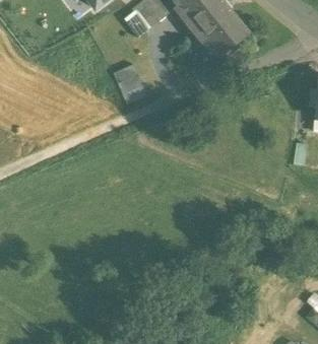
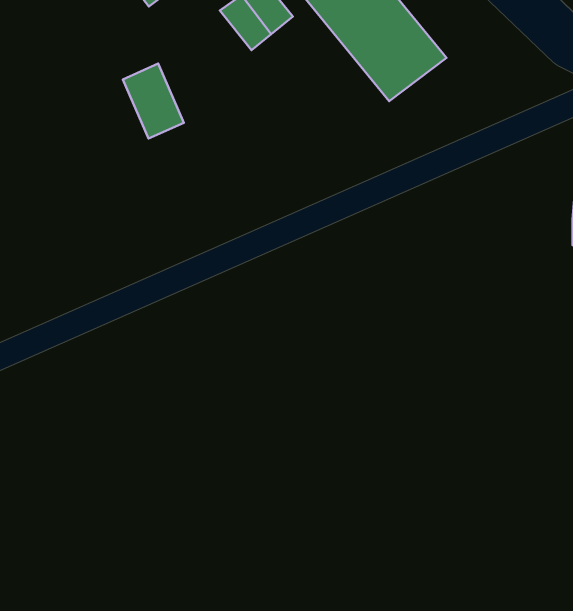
building: [116,65,147,104] -> [123,64,184,139]

